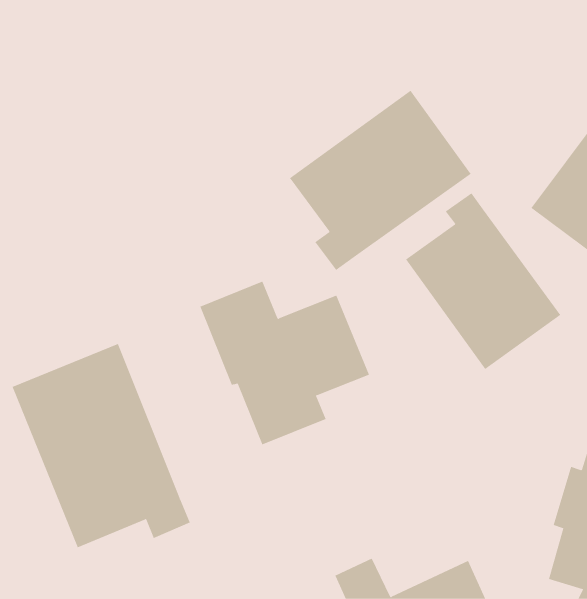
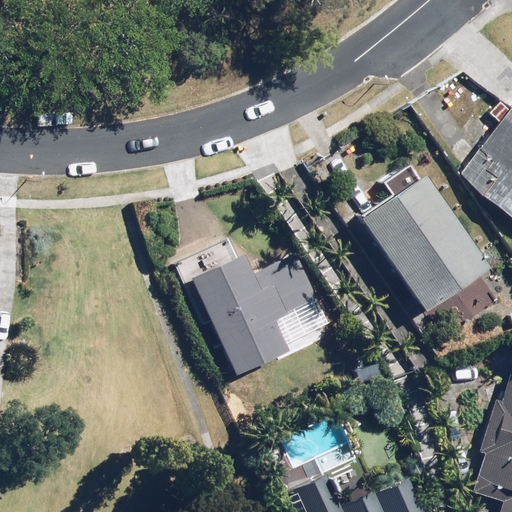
building: [289,90,471,271] -> none
building: [12,343,190,548] -> none

